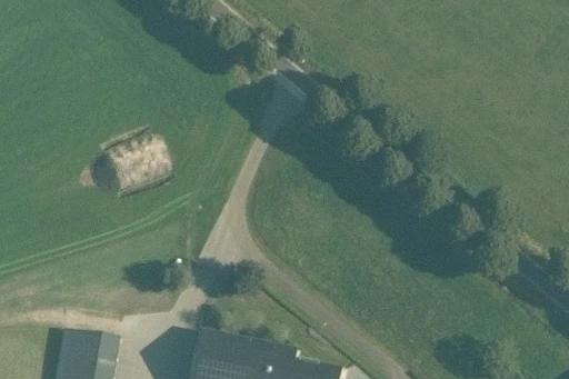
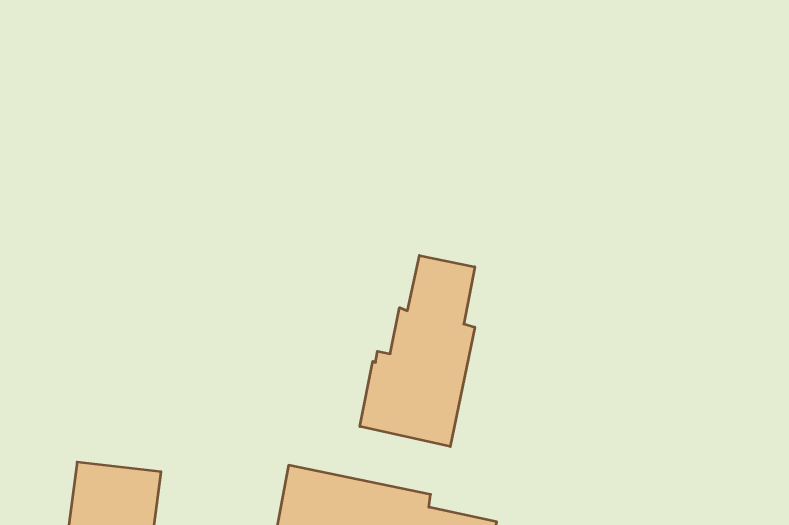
building: none -> [360,255,475,447]

